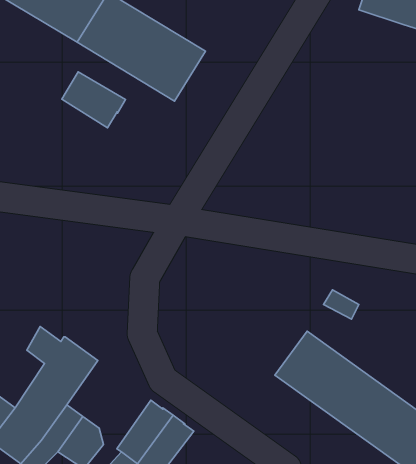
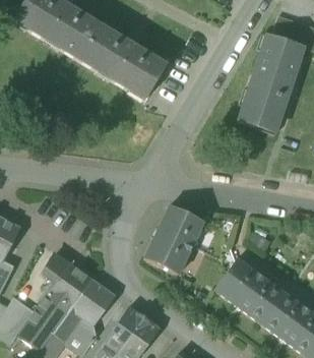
building: none -> [238,35,303,132]
building: [62,72,126,128] -> none
building: none -> [144,204,203,274]
building: none -> [71,279,116,325]

